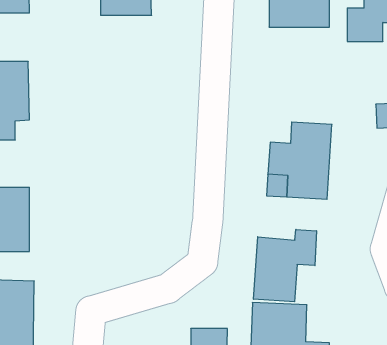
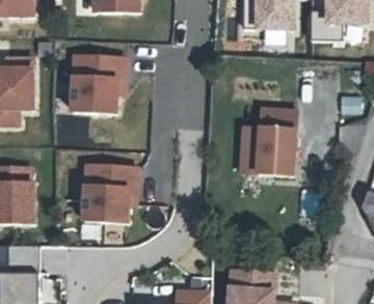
building: none -> [73,58,126,115]
building: none -> [85,167,138,225]
building: [254,229,316,302] -> none

